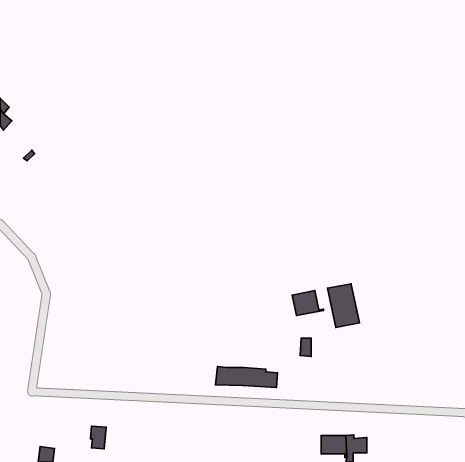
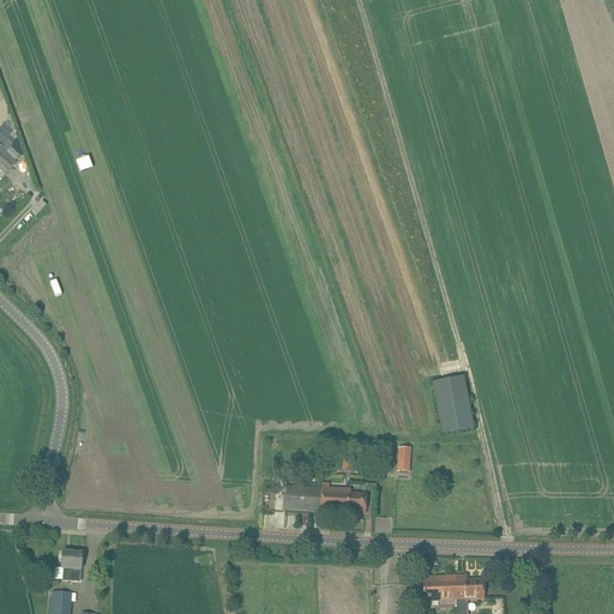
building: [292,290,324,315] -> none
building: [91,426,106,449] -> [61,549,82,579]

